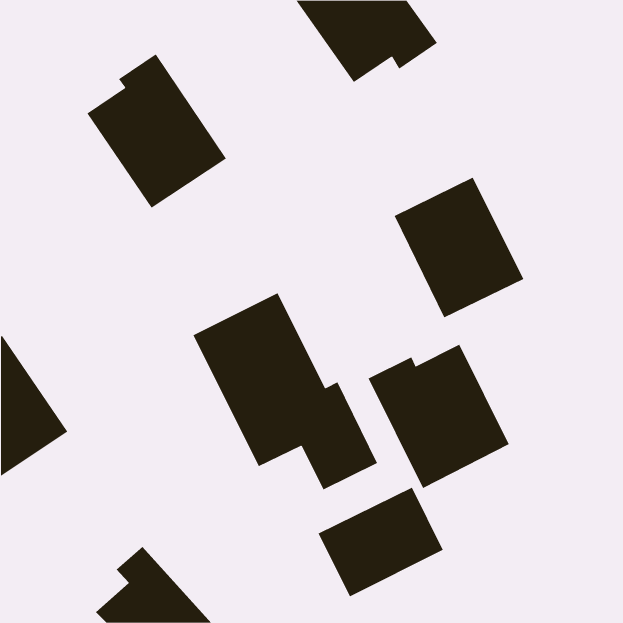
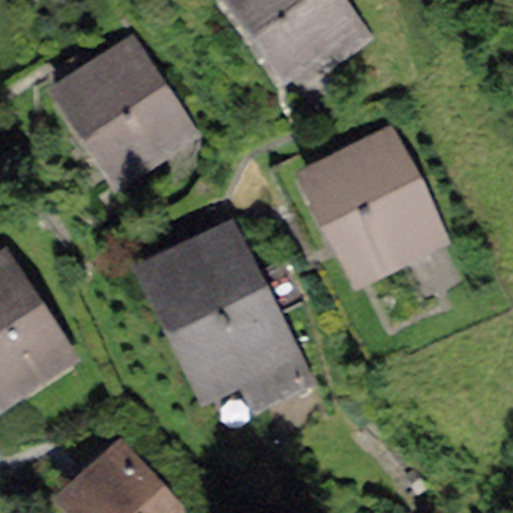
building: [368,344,509,489] -> none
building: [318,487,444,597] -> none

